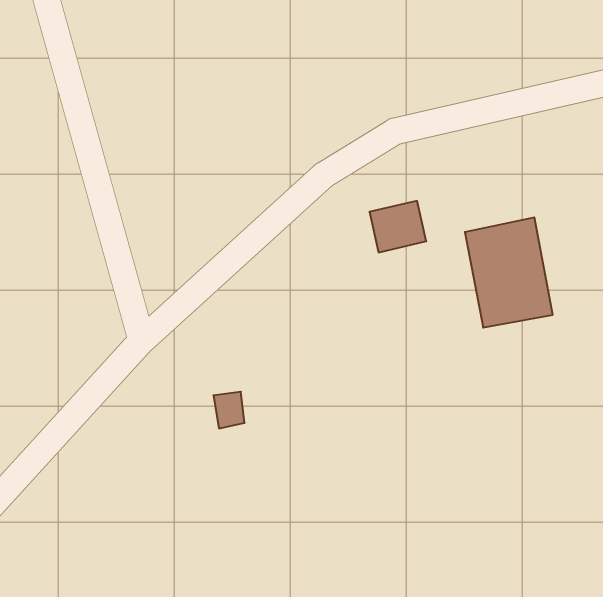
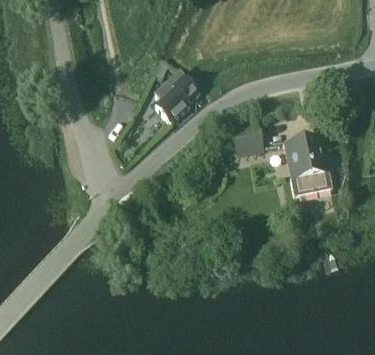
building: none -> [153,71,199,122]

